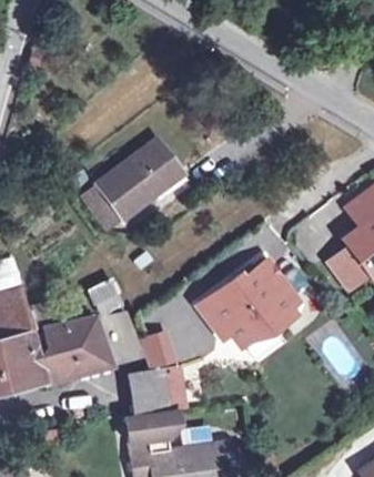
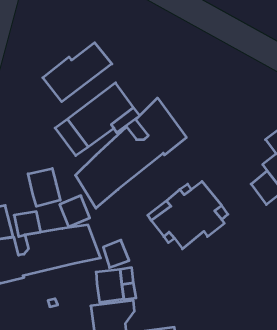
building: none -> [43,43,112,102]
building: none -> [75,98,186,208]
building: none -> [28,168,60,206]

